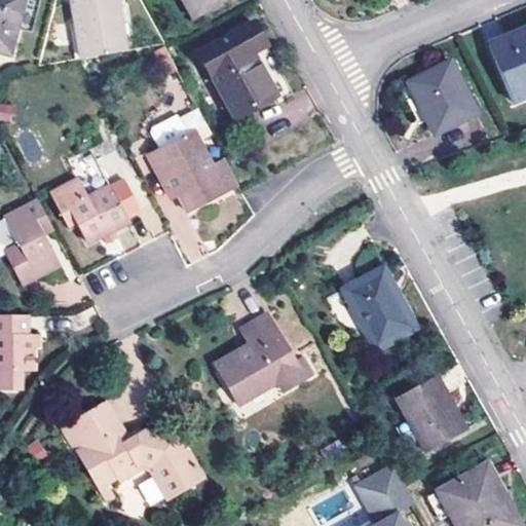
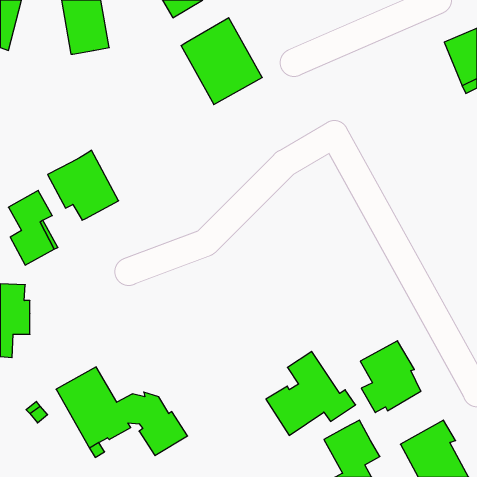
building: [407,61,477,134] -> none
building: [147,108,241,213] -> none
building: [342,265,416,350] -> none
building: [216,310,314,403] -> [266,351,356,435]

